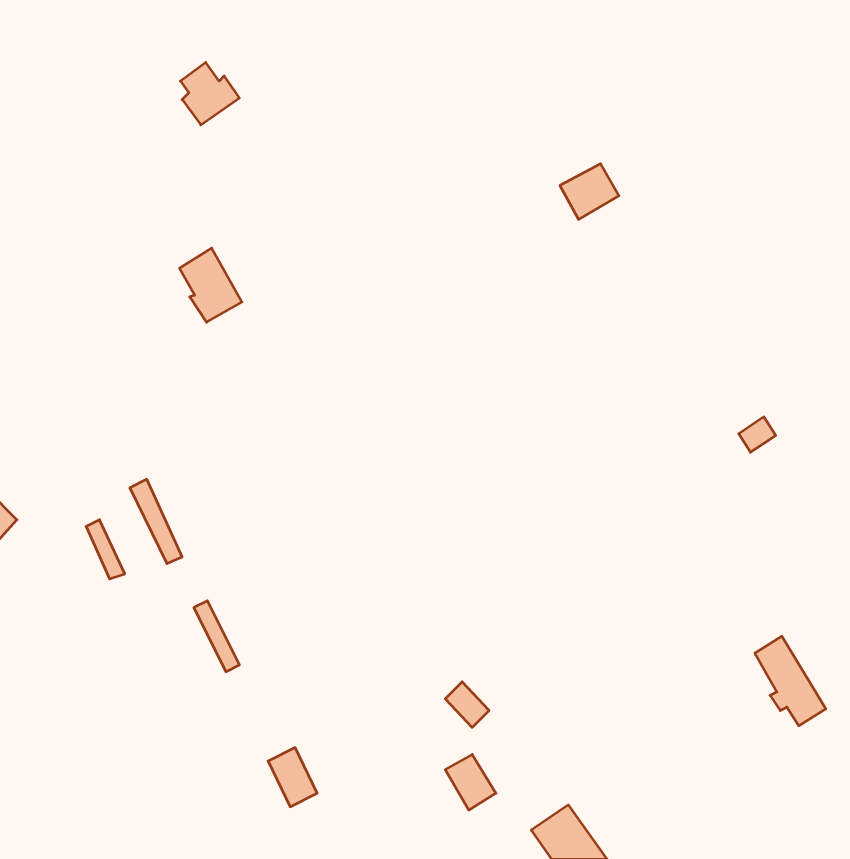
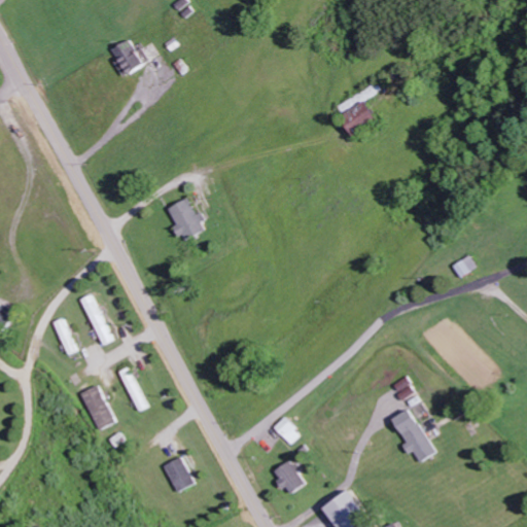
building: [180,248,242,322] -> [168,196,206,241]
building: none -> [80,384,114,429]
building: [755,636,826,726] -> [391,408,434,462]

